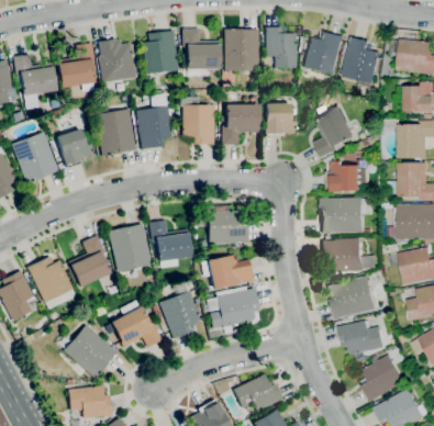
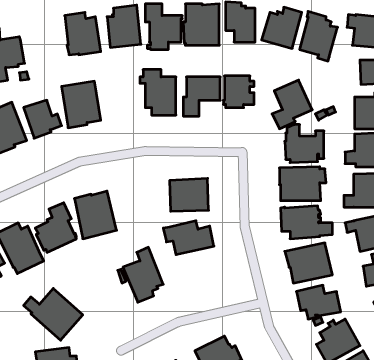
building: [56,42,94,91] -> none
building: [135,93,171,149] -> none
building: [148,220,191,267] -> none
building: [205,285,258,338] -> none
building: [110,300,162,347] -> none

